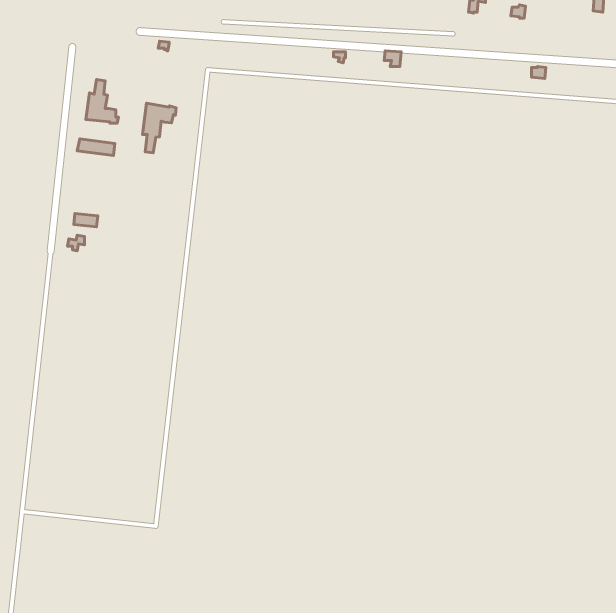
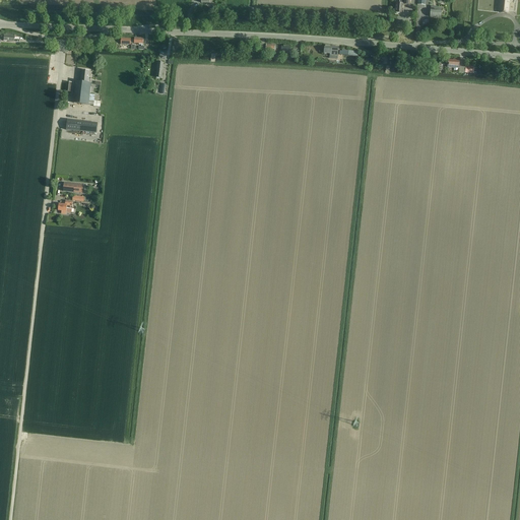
building: [142,103,176,153] -> none

